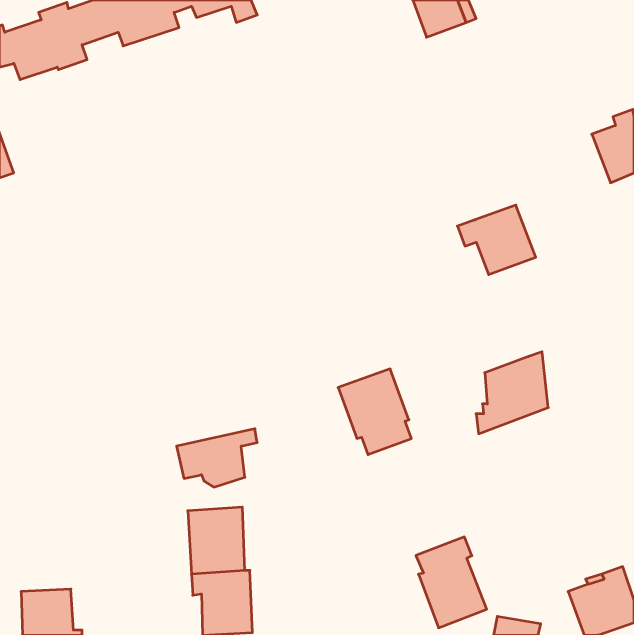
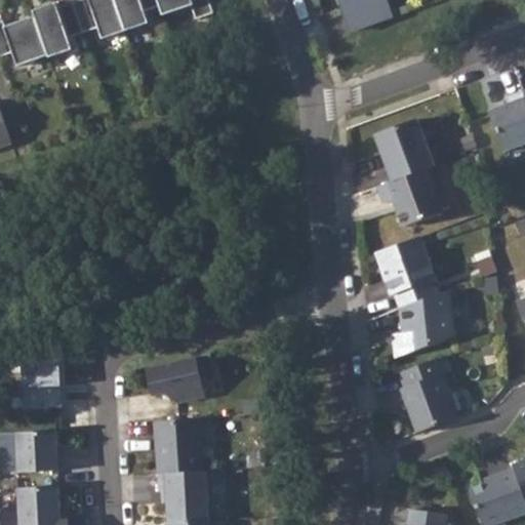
building: none -> [374,120,433,181]
building: [338,369,411,455] -> [375,237,436,308]
building: none -> [21,352,62,409]
building: none -> [15,430,65,472]
building: [416,537,487,628] -> [398,358,456,433]

